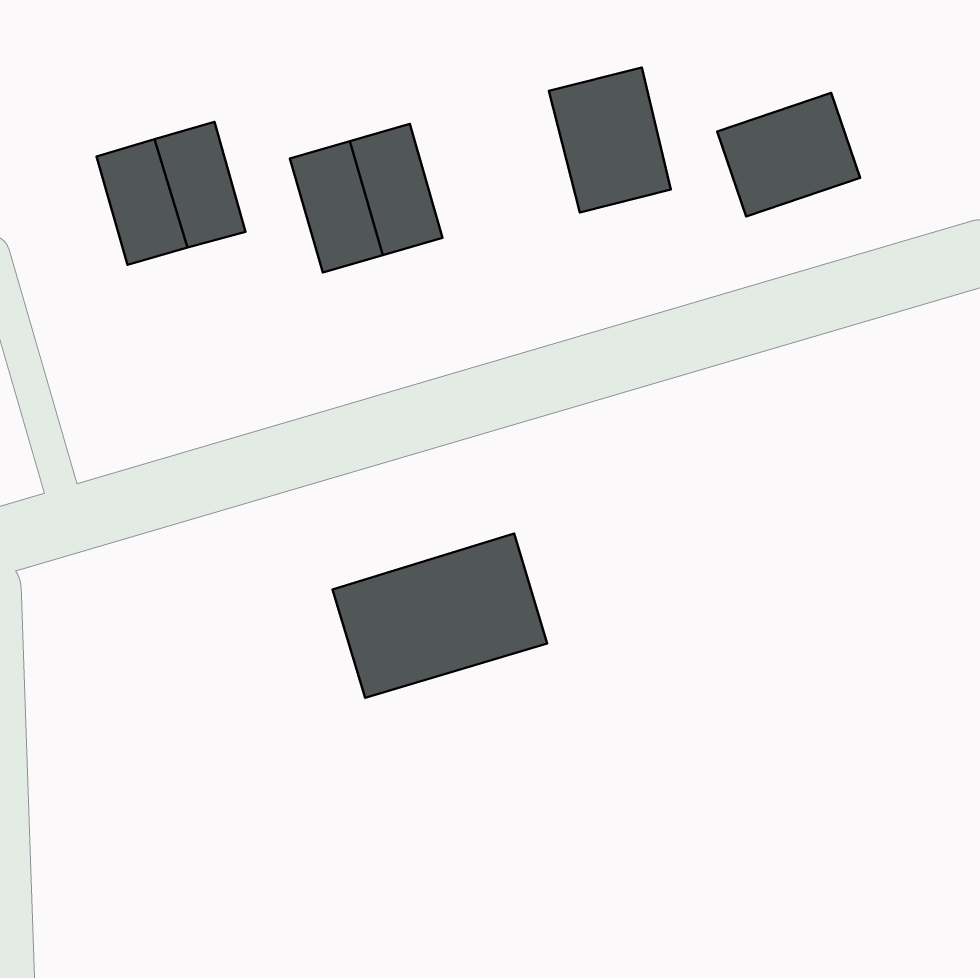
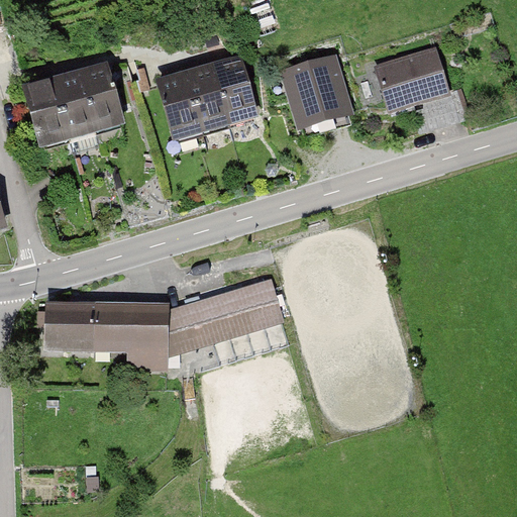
building: none -> [214,56,263,124]
building: none -> [19,82,67,147]
building: none -> [37,299,164,358]

